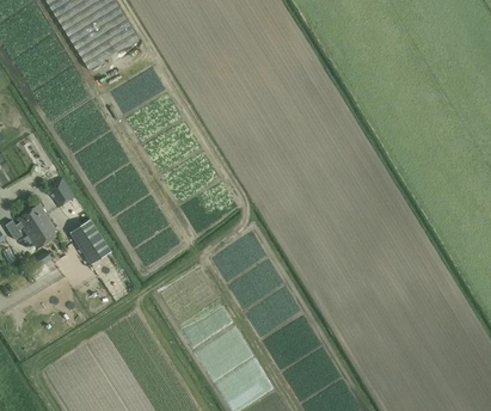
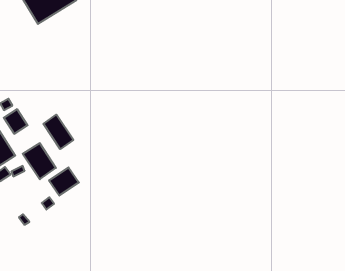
building: none -> [43,115,73,149]
building: none -> [49,167,79,196]

